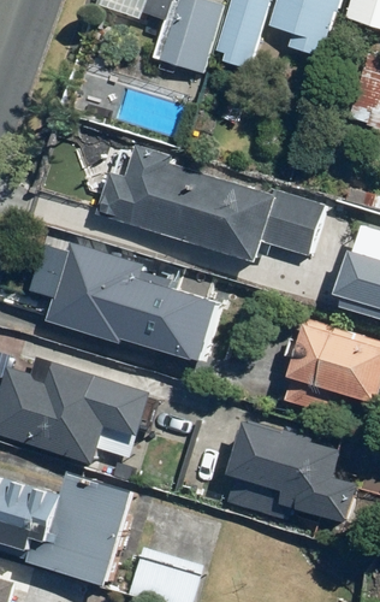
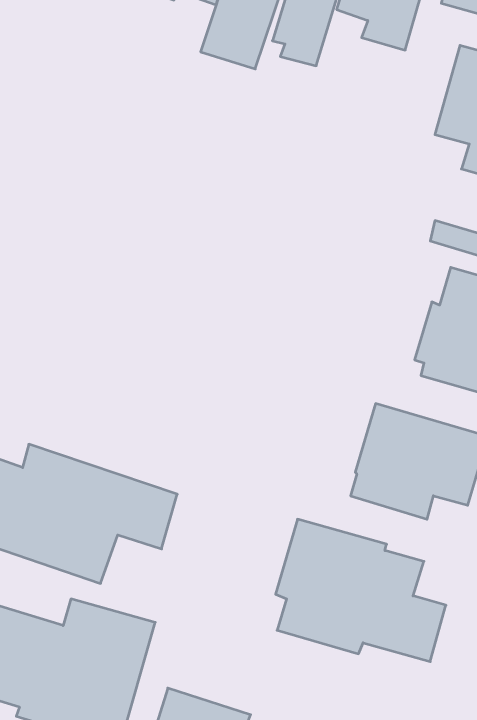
building: [96,146,323,265] -> none
building: [28,238,220,361] -> none

